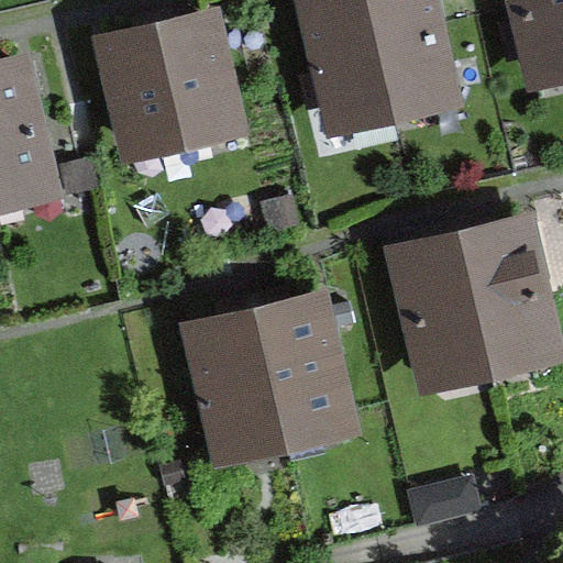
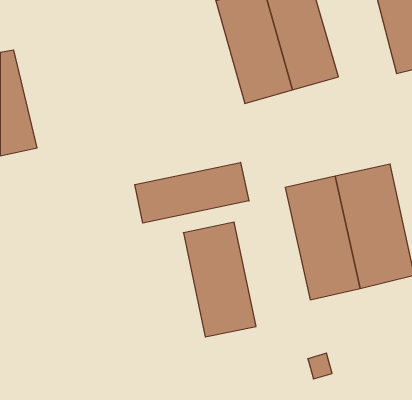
building: [87,14,246,169] -> none
building: none -> [135,162,249,223]
building: [186,317,280,472] -> none

